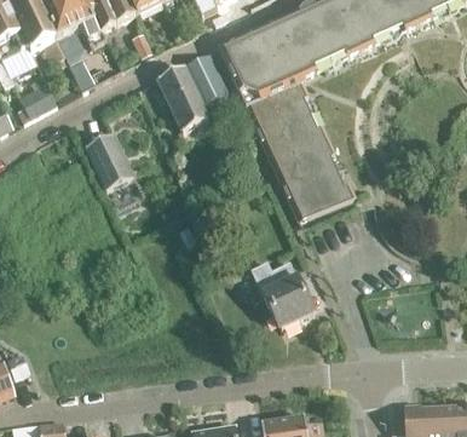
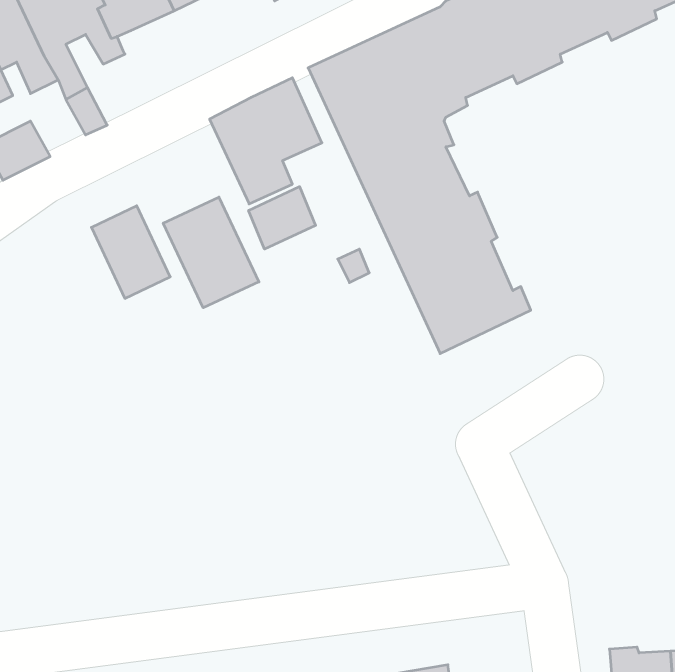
building: none -> [249,187,316,249]
building: none -> [163,197,259,308]
building: [250,261,313,327] -> none

